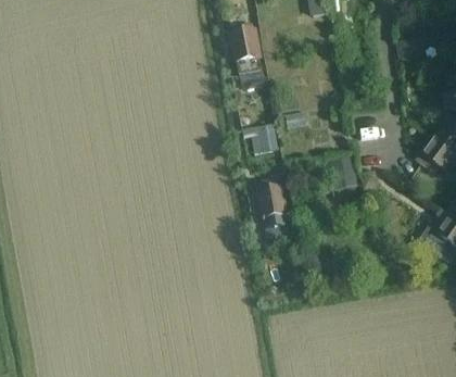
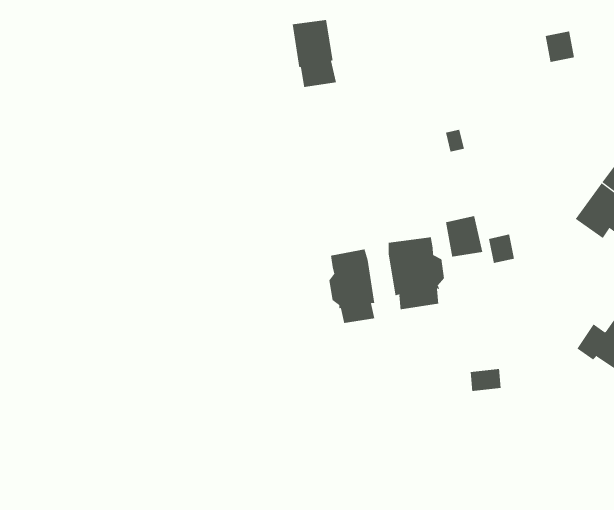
building: [242,124,277,153] -> none
building: none -> [388,236,445,310]

